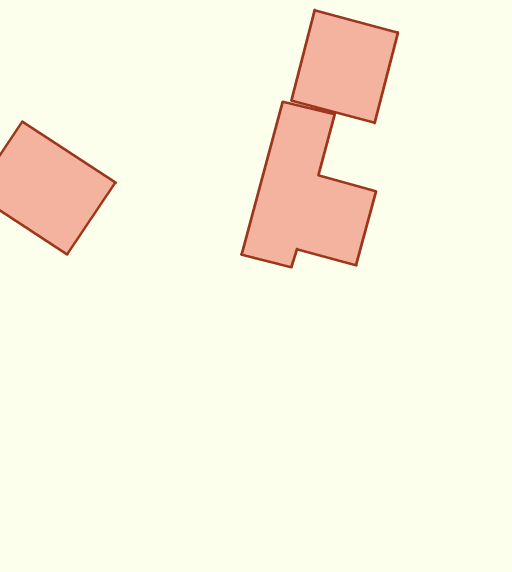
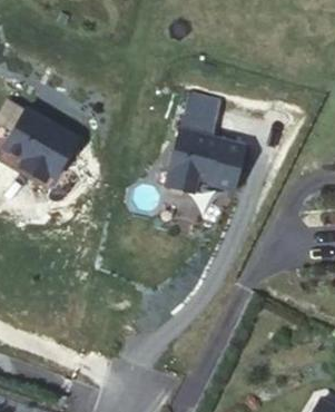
building: [292,10,398,123] -> none

